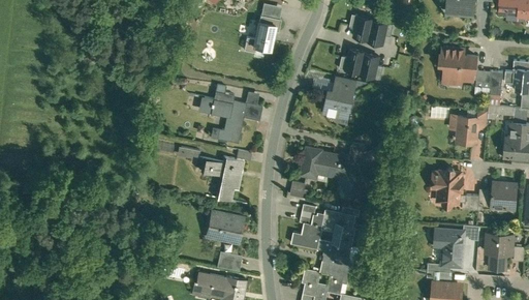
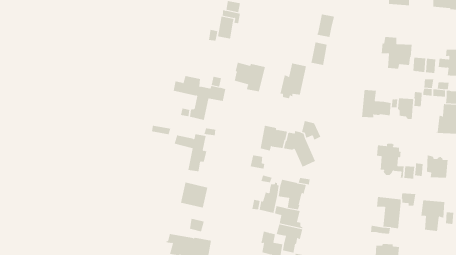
building: [351,14,371,41] -> none
building: [344,47,364,73] -> none
building: none -> [234,62,266,92]
building: none -> [362,89,391,118]

